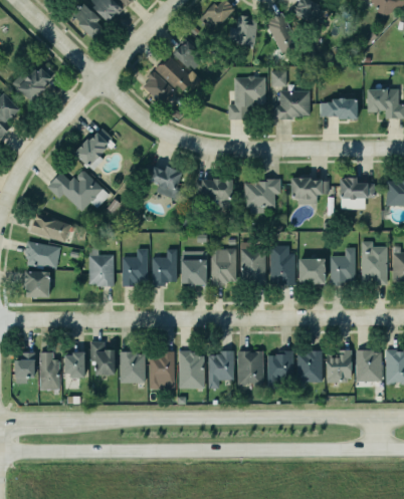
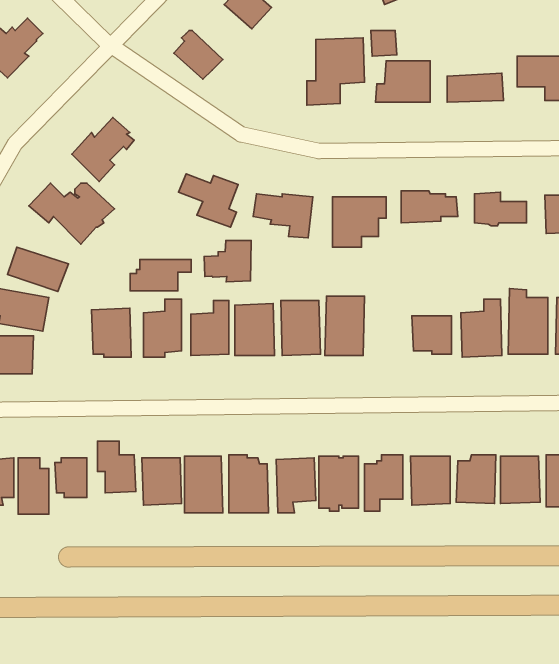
building: [154,57,196,90] -> none
building: none -> [204,240,251,282]
building: none -> [130,260,191,291]
building: [269,246,295,285] -> none

